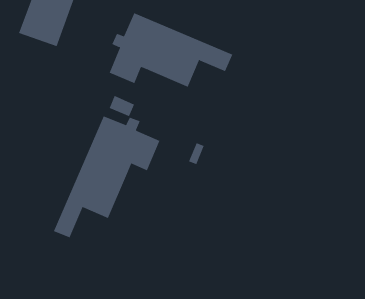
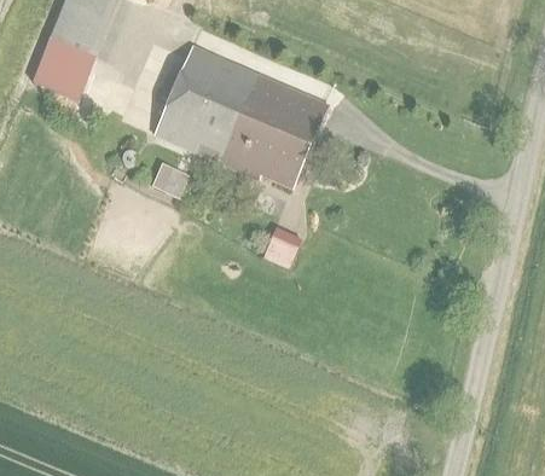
building: none -> [198,114,318,184]
building: [53,115,160,238] -> none

